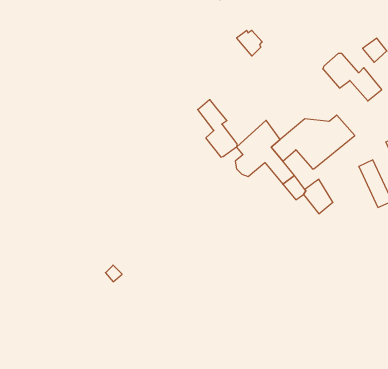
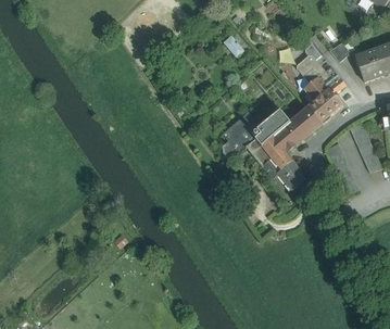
building: none -> [303,77,342,124]
building: [198,100,237,157] -> none
building: none -> [262,136,292,169]

